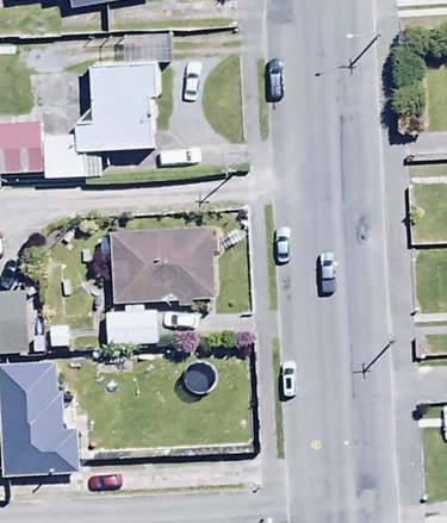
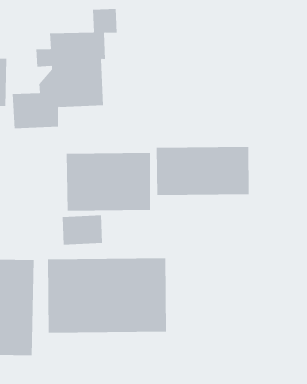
building: none -> [156,146,249,196]
building: none -> [48,258,167,334]

